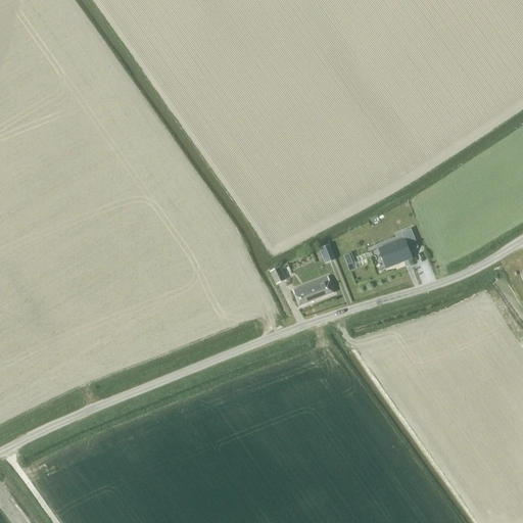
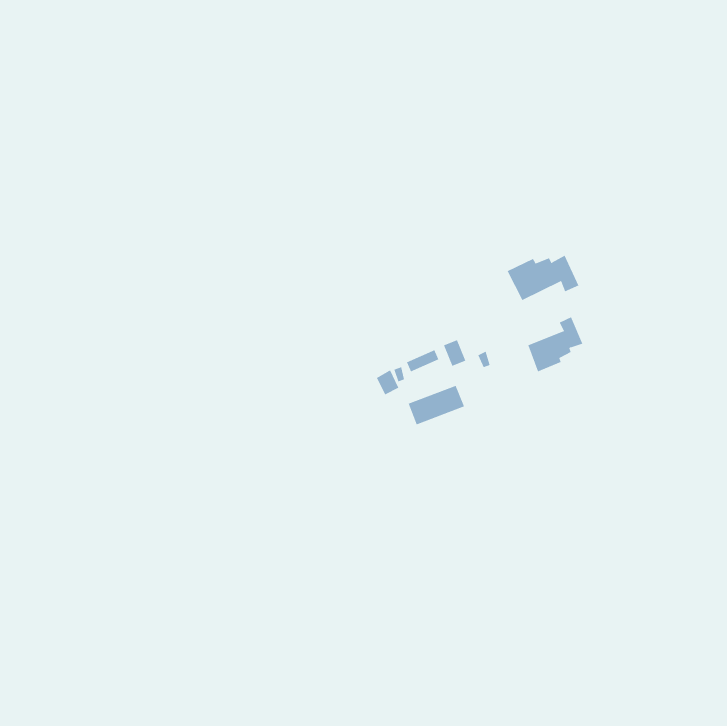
building: none -> [507,255,579,301]

